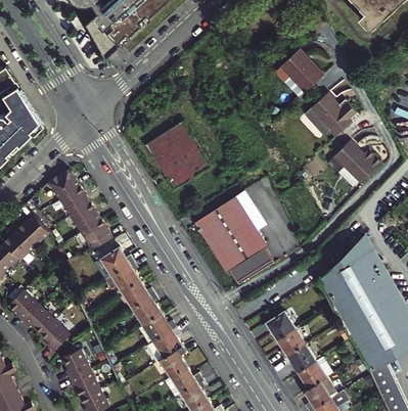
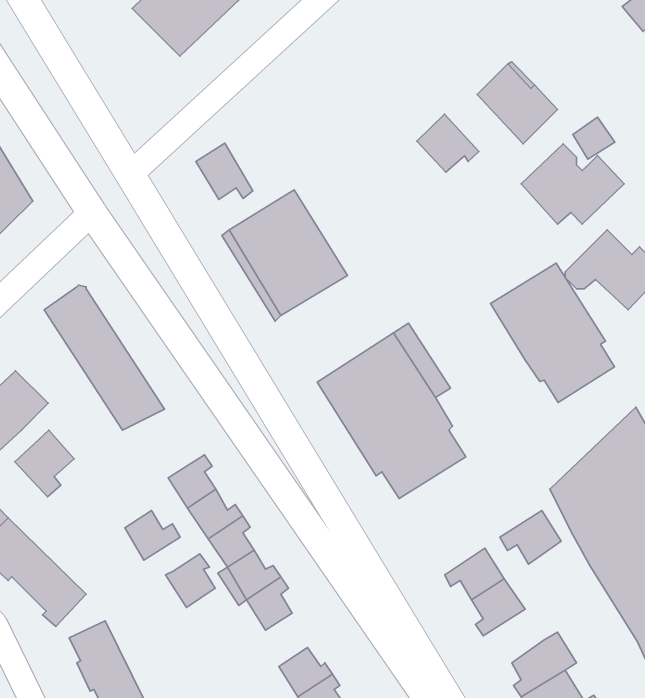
building: [88,21,120,61] -> none
building: none -> [417,114,479,172]
building: none -> [196,143,253,199]
building: none -> [490,263,614,403]
building: [103,246,133,273] -> [125,511,180,560]
building: none -> [15,430,74,497]
building: [282,344,315,372] -> [500,511,561,564]
building: [162,346,188,374] -> [165,554,215,607]

